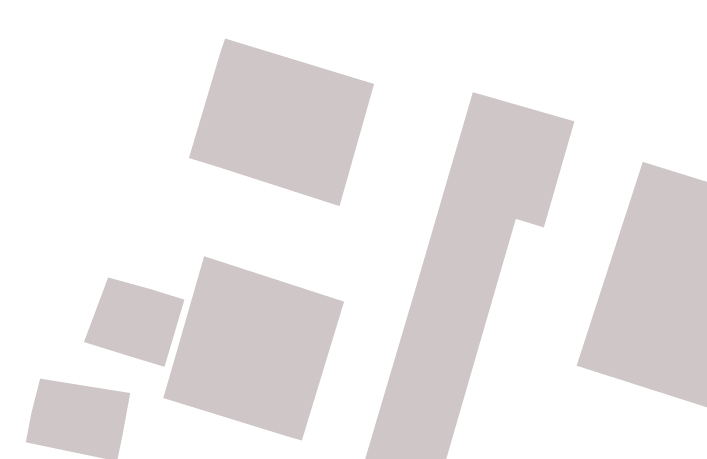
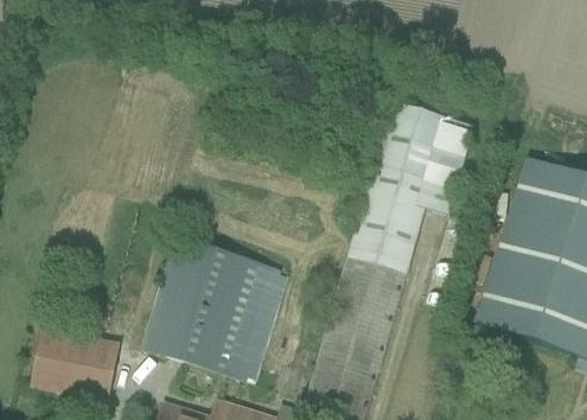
building: [188,38,375,207] -> none
building: [83,277,185,368] -> none

